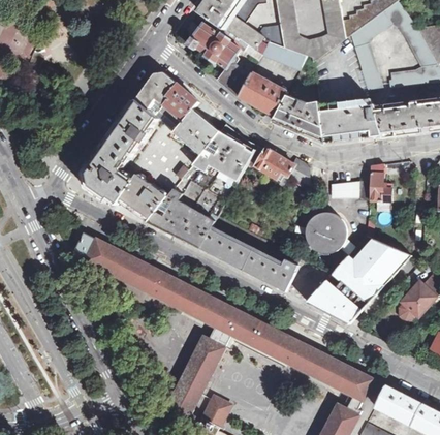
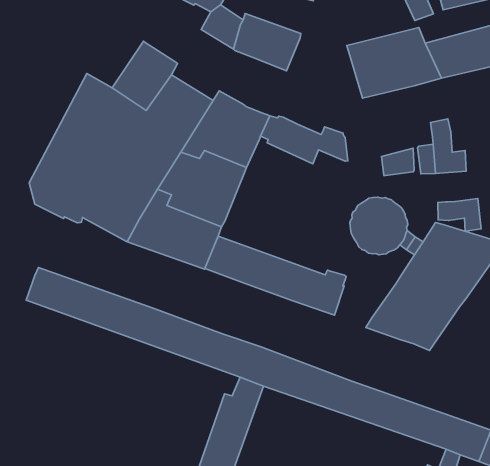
building: [134,71,177,113] -> none
building: [272,94,324,142] -> none
building: none -> [438,199,481,231]

